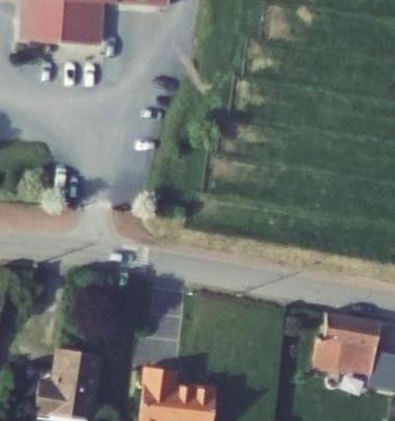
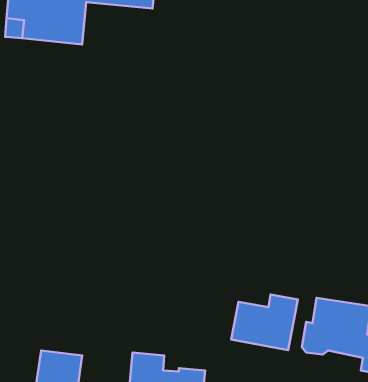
building: none -> [231,294,298,350]

